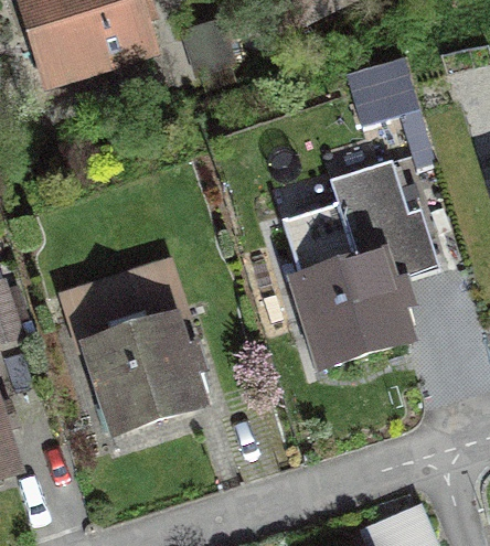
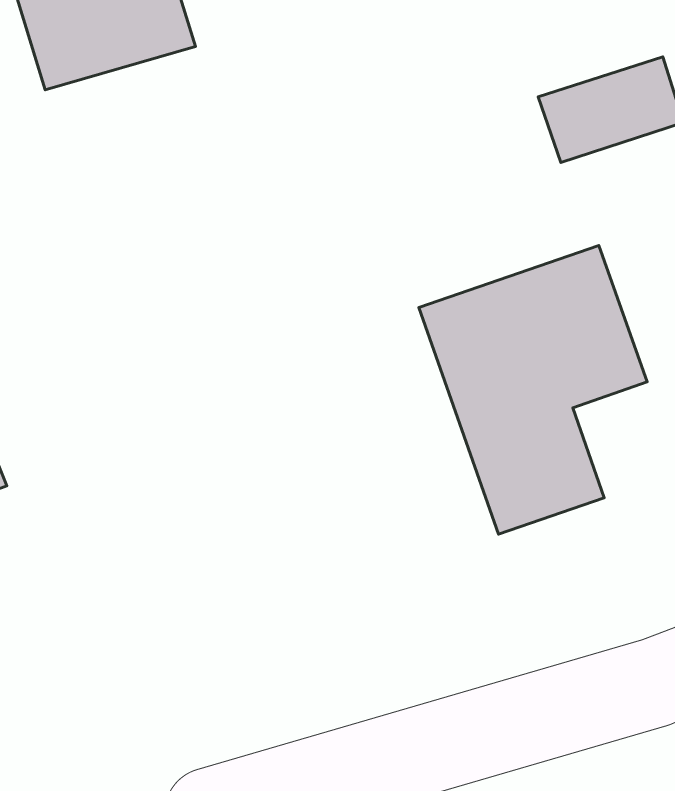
building: [63,266,202,439] -> none

